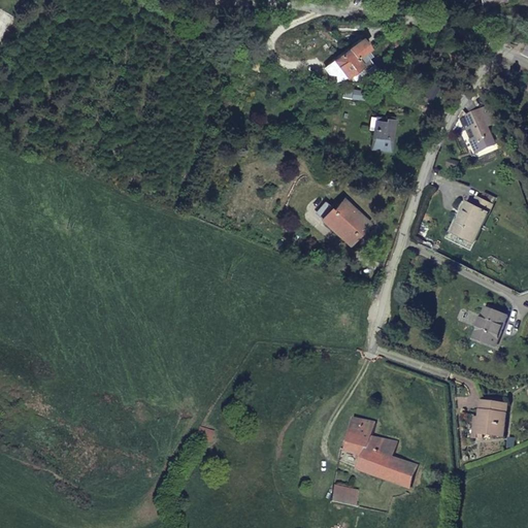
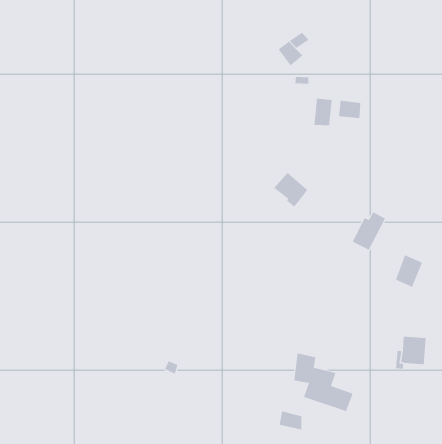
building: [468,110,491,139] -> none
building: none -> [339,100,361,119]
building: [454,195,494,241] -> [352,212,386,251]

